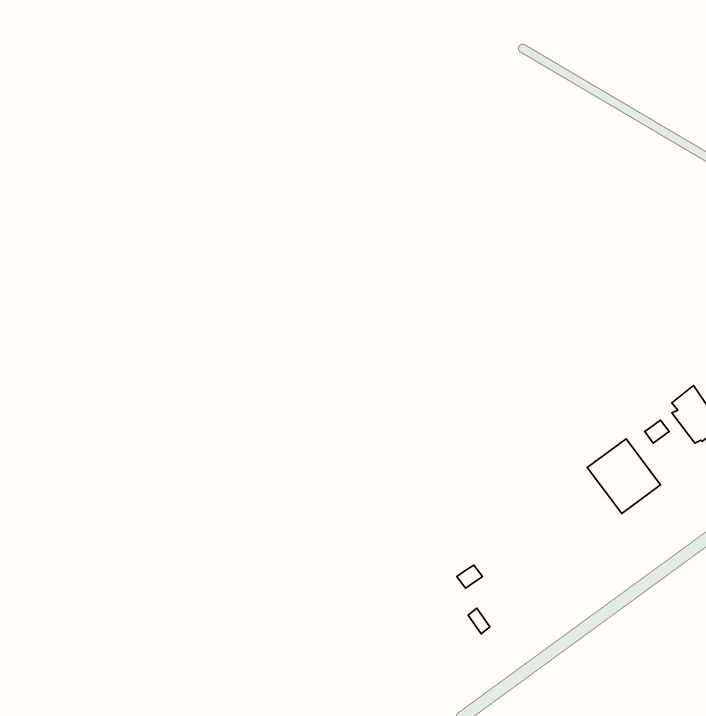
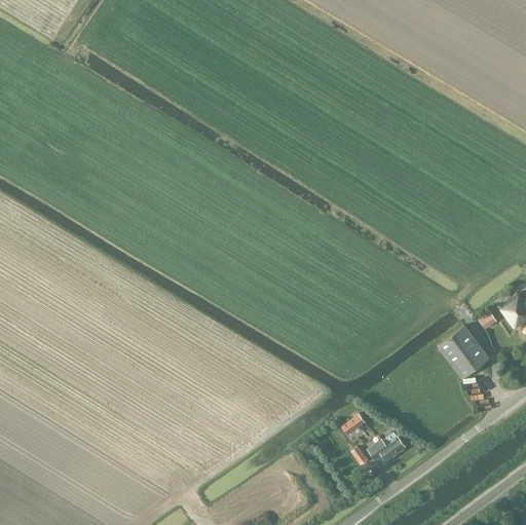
building: none -> [370,436,407,460]

